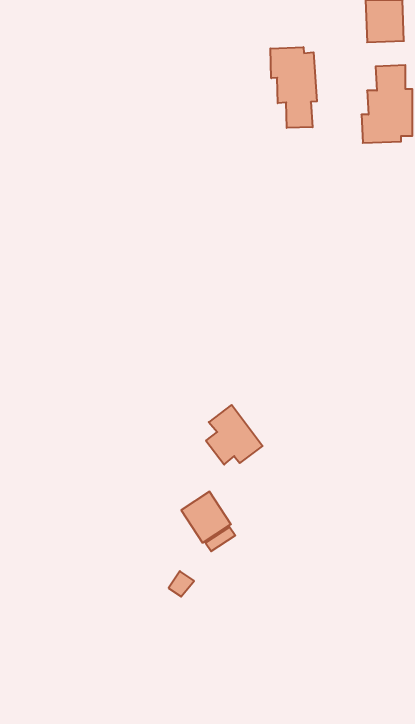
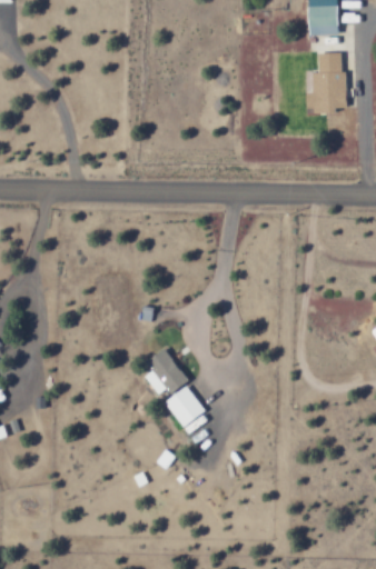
building: [270,47,317,128] -> none
building: [206,405,263,465] -> [145,348,189,395]

